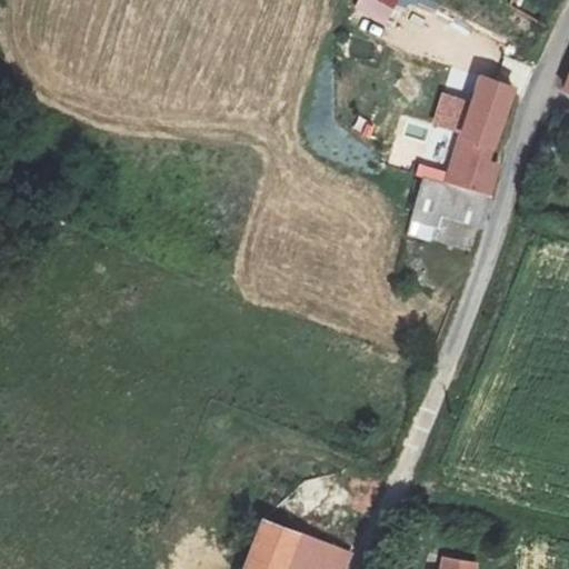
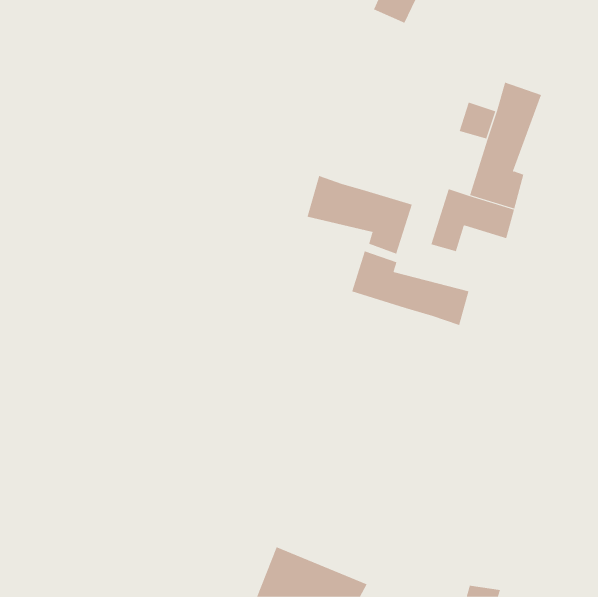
building: none -> [307,175,412,255]
building: none -> [351,250,469,326]

